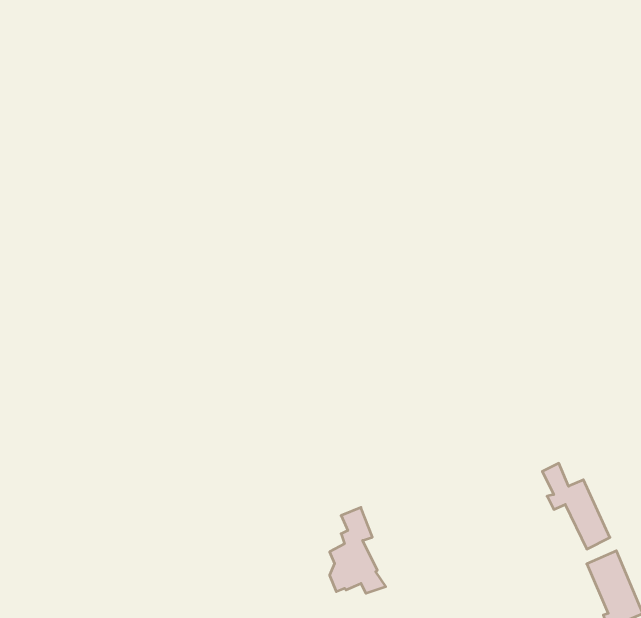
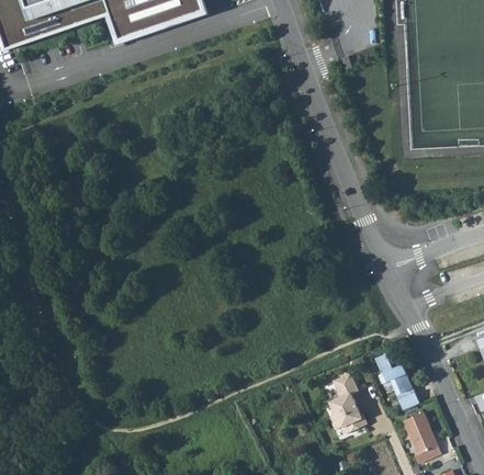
building: [330,507,386,593] -> [329,373,367,430]

